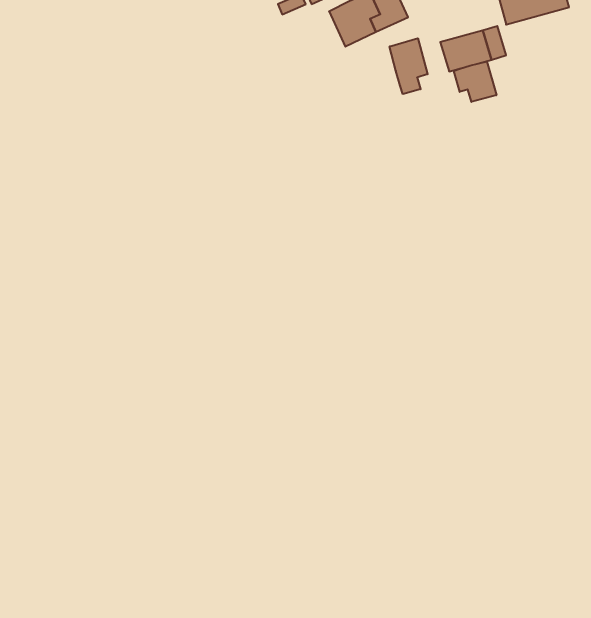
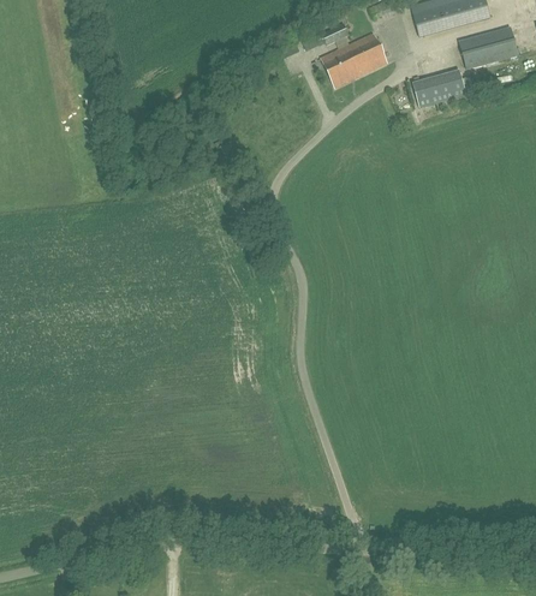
building: [390,38,428,94] -> none
building: [454,62,496,102] -> none

